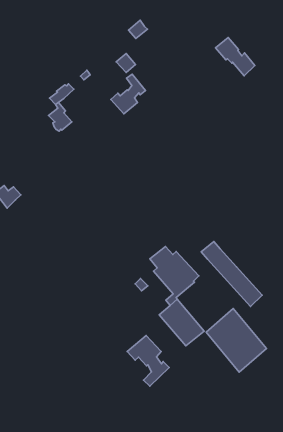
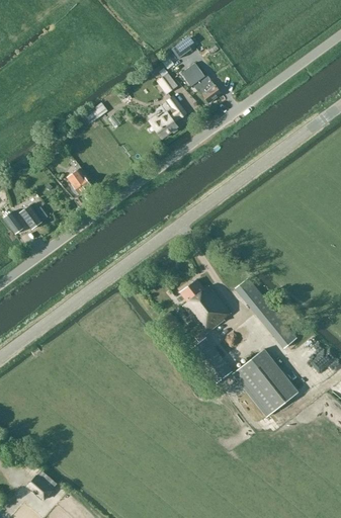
building: [216,38,255,76] -> [180,62,221,103]
building: [49,102,72,131] -> [66,164,90,194]
building: [127,335,169,386] -> none

